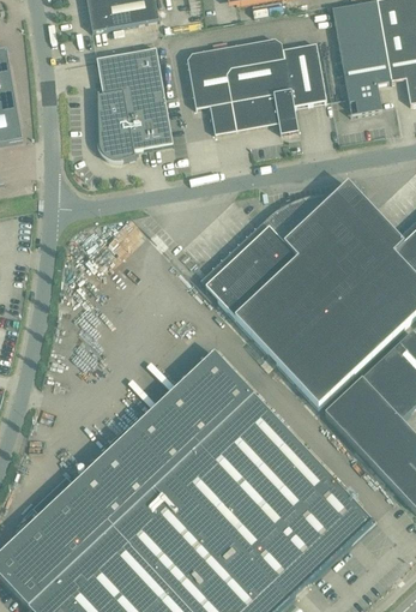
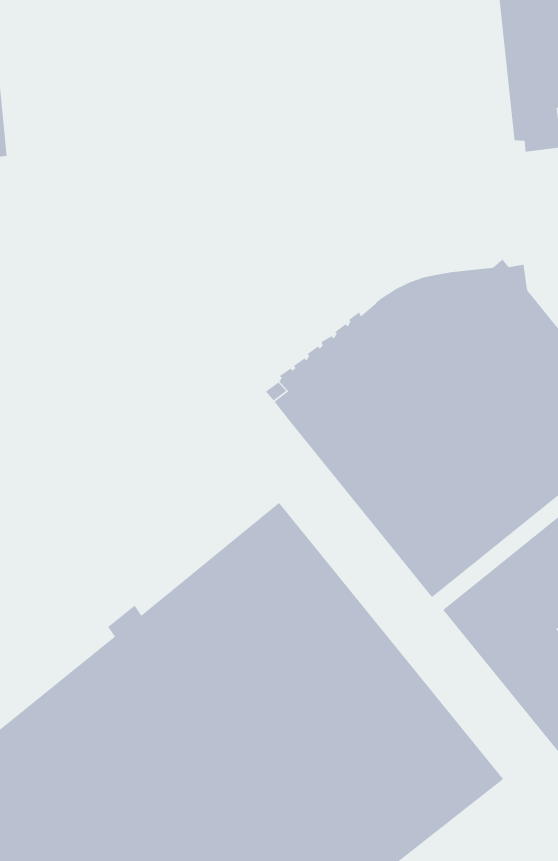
building: [187,38,326,132] -> none
building: [96,47,173,160] -> none

